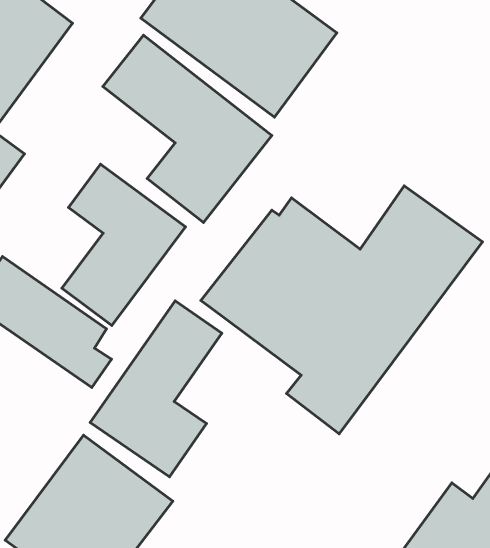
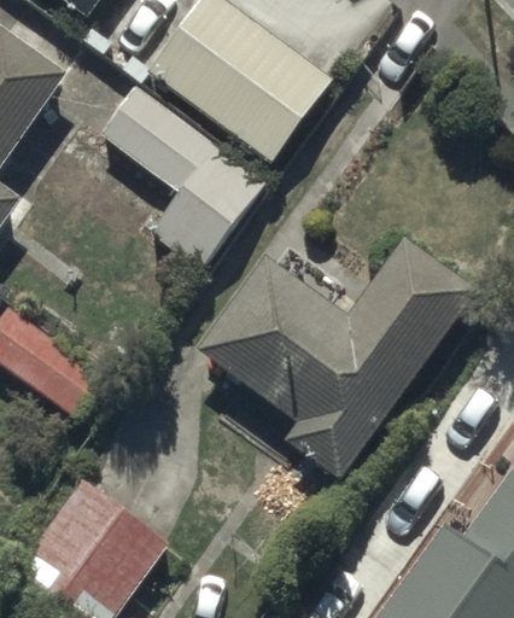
building: [62,164,185,325] -> none
building: [90,301,222,477] -> none

